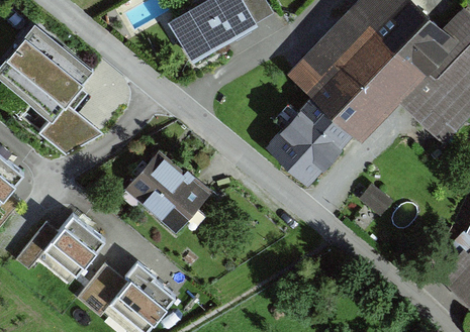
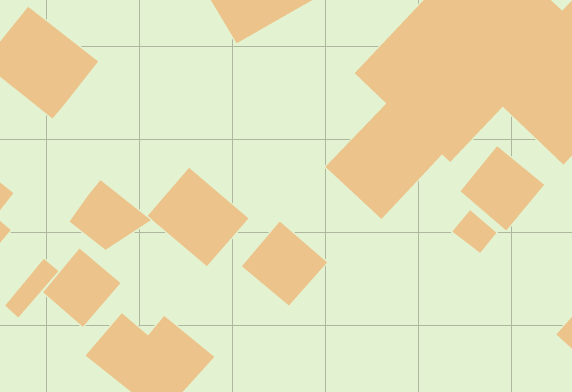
building: [39,103,103,157] -> [69,179,152,251]
building: none -> [460,145,545,231]
building: none -> [241,221,328,307]

